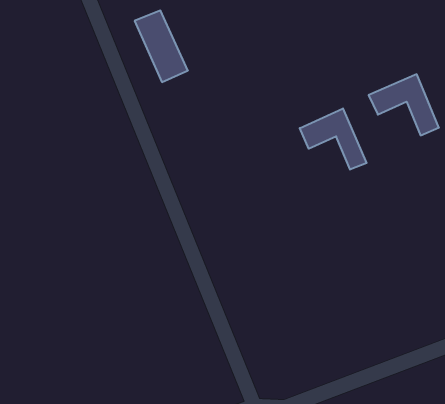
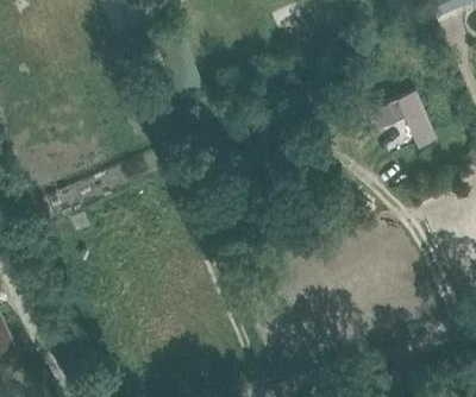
building: [300,108,367,170] -> none

